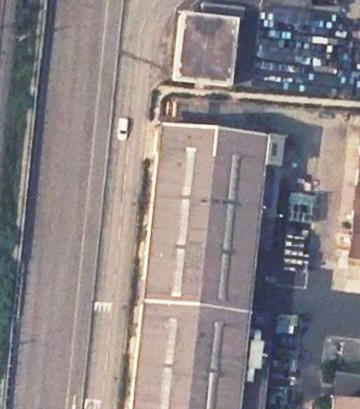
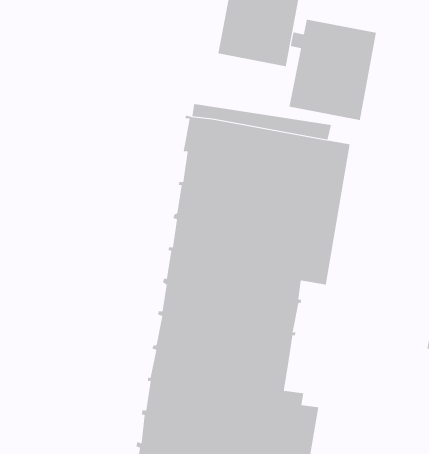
building: none -> [289,19,377,121]

